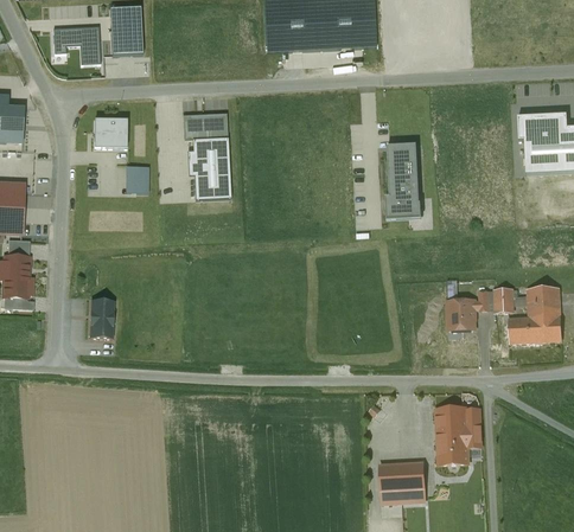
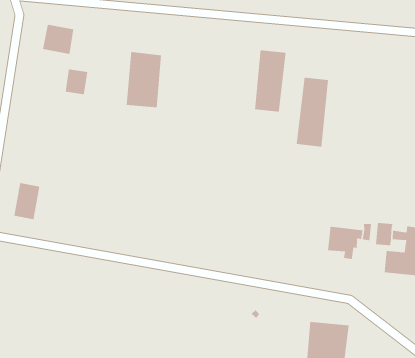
building: [181,113,227,140] -> none
building: none -> [254,50,286,113]

